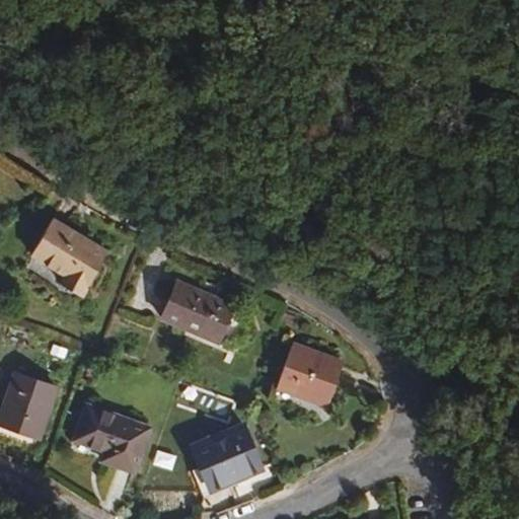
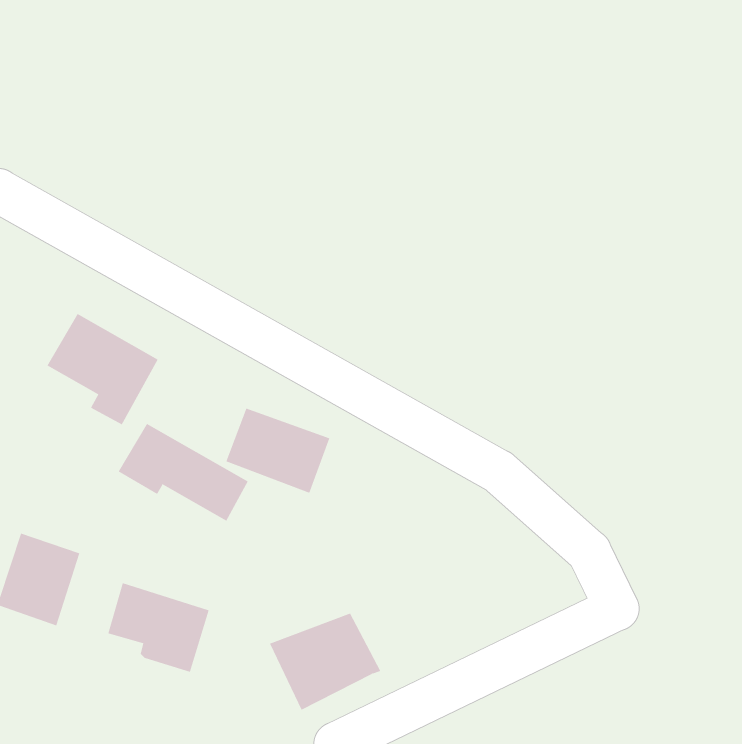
building: none -> [118,423,249,521]
building: [275,343,344,405] -> none

